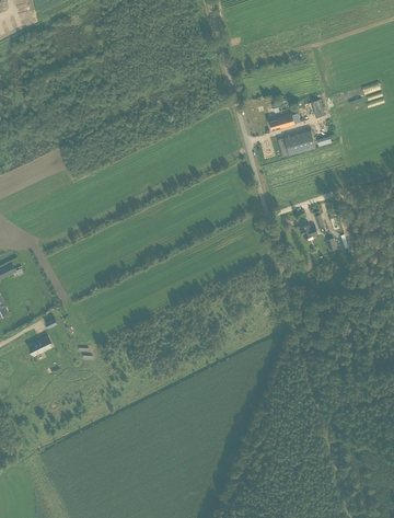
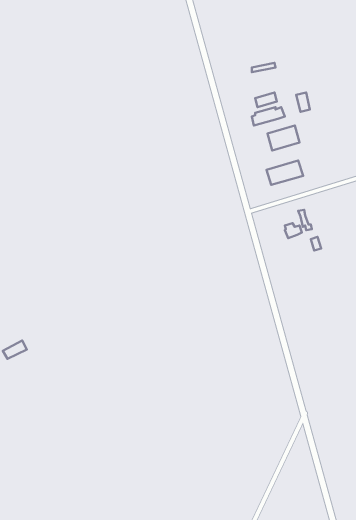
building: none -> [266,160,303,185]

